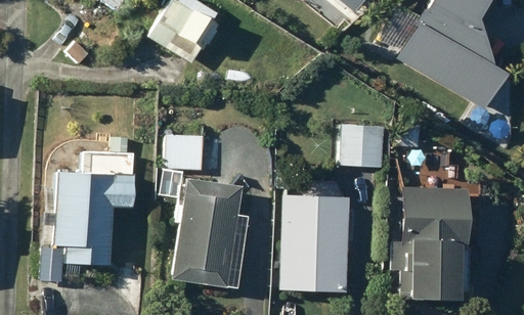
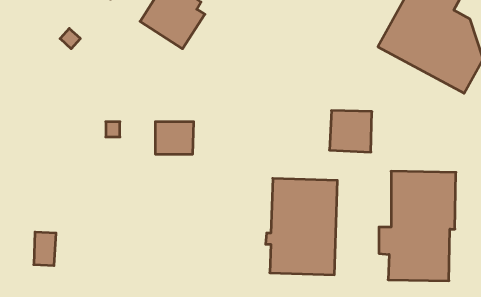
building: [57,158,136,264] -> none
building: [174,178,245,287] -> none

